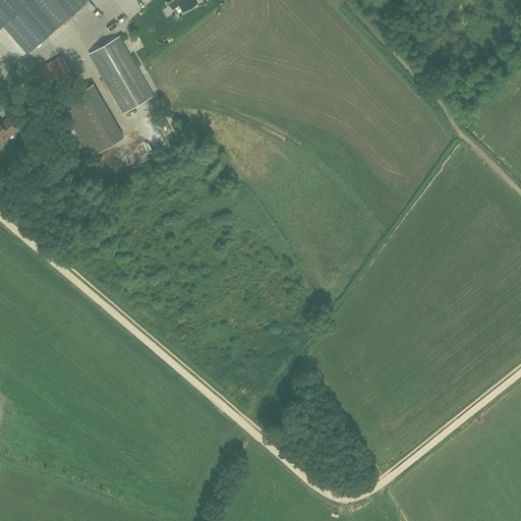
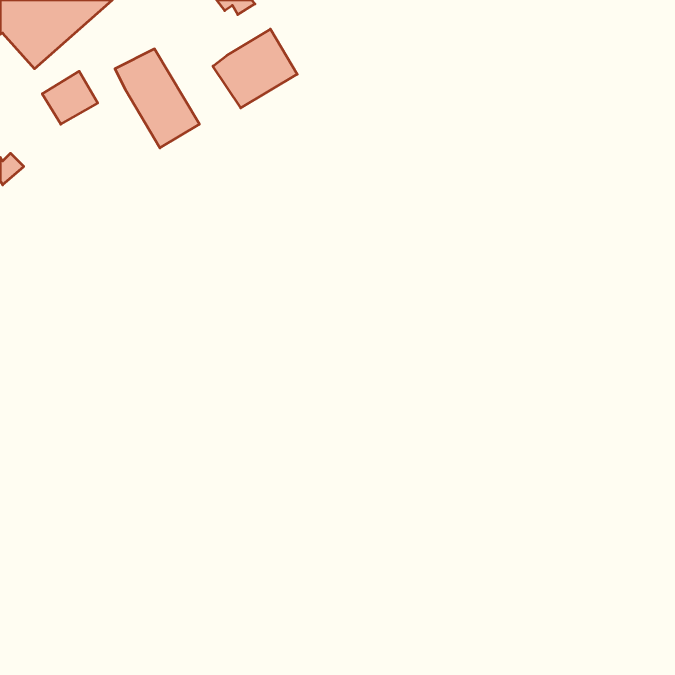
building: none -> [213,29,297,108]
building: [60,81,126,155] -> none

